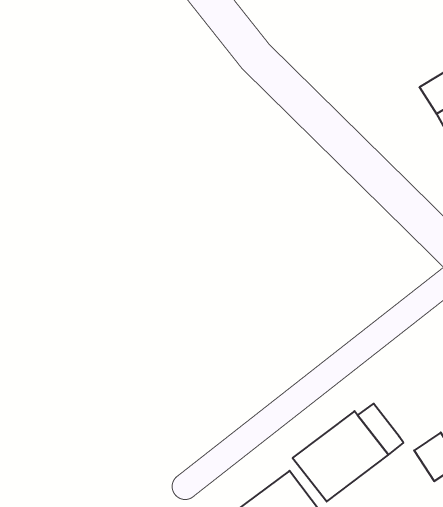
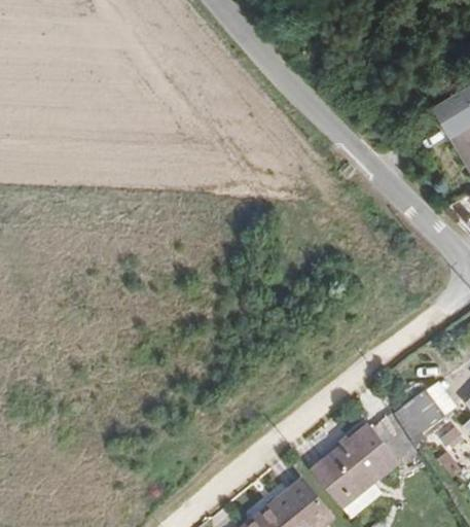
building: none -> [387,388,444,446]

